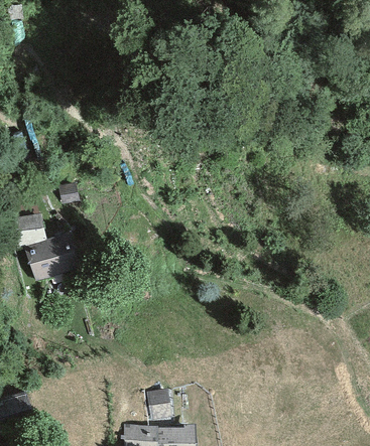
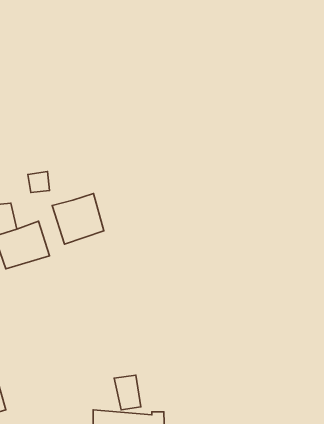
building: none -> [52,193,104,244]

